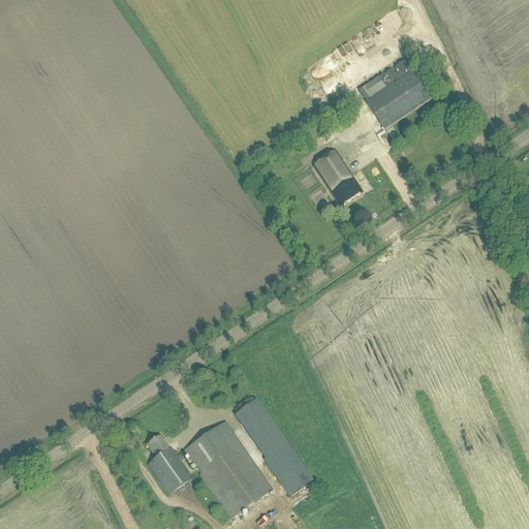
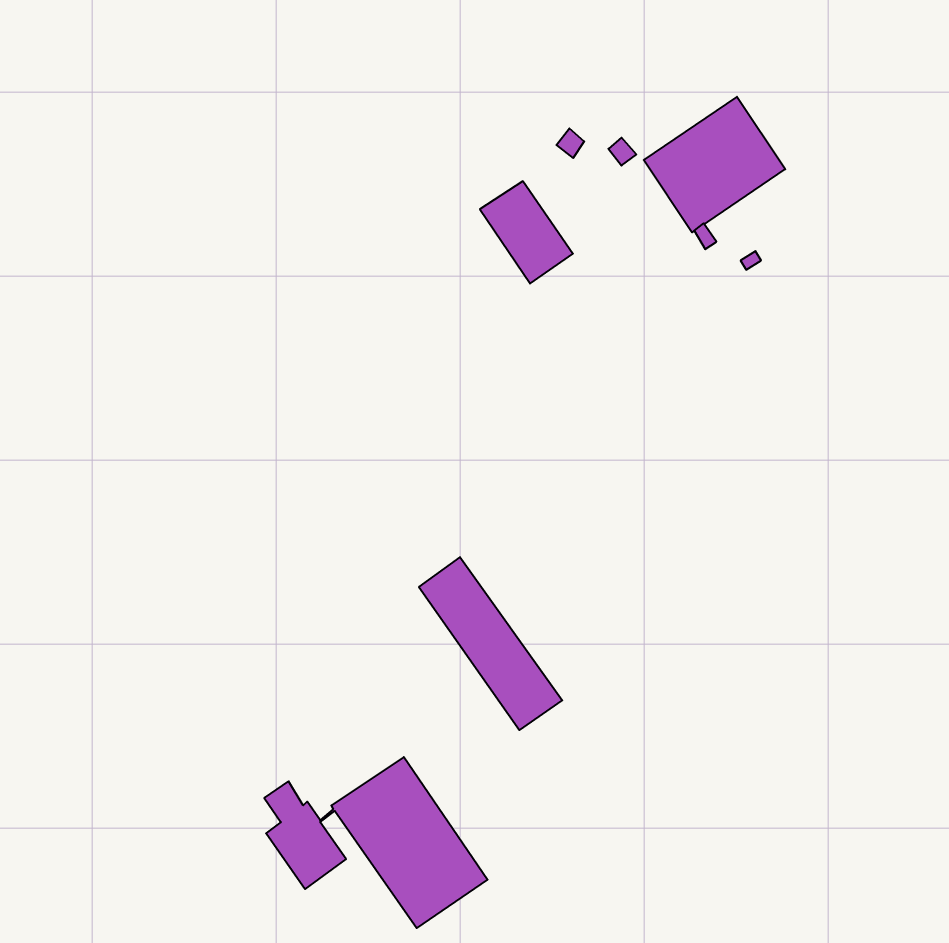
building: [311,151,363,208] -> [480,181,573,284]
building: [235,398,314,494] -> [419,557,562,730]

